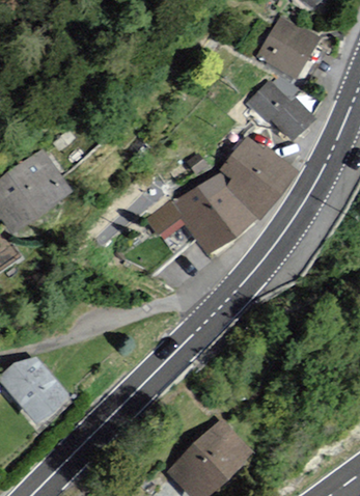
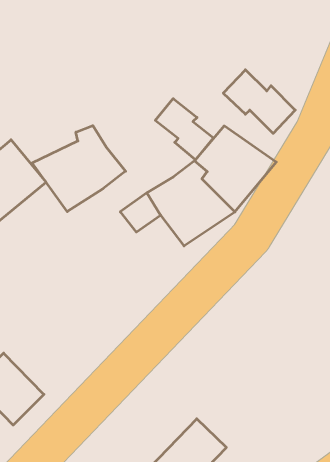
building: [259,17,320,83] -> none
building: none -> [155,99,214,160]
building: none -> [32,126,126,212]

